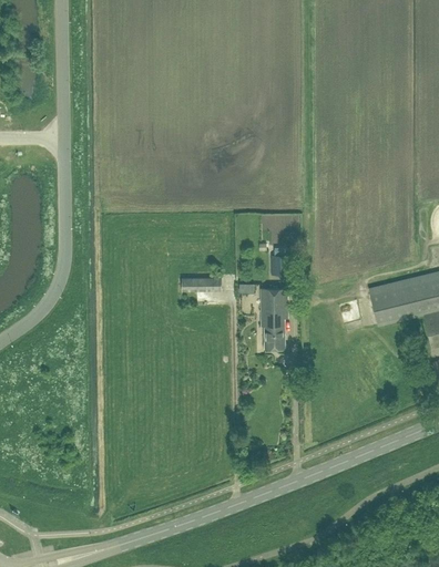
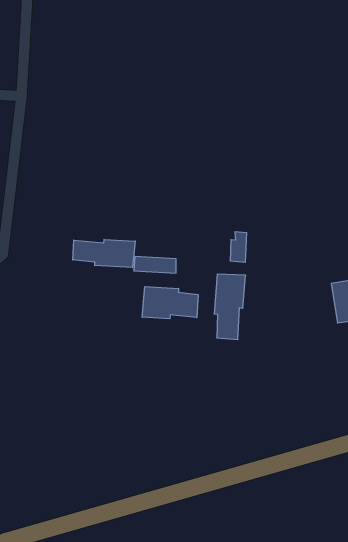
building: none -> [73,239,135,268]
building: none -> [142,287,198,319]

